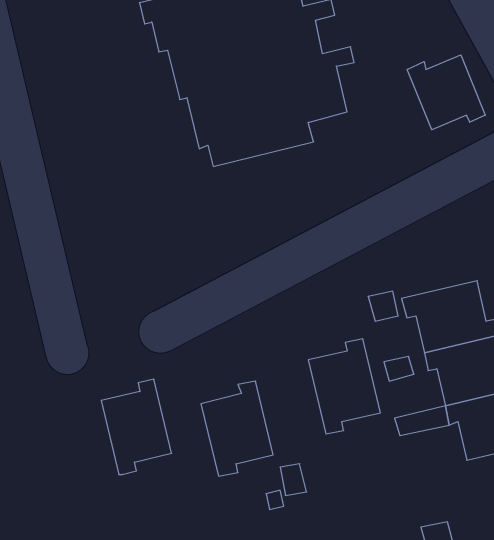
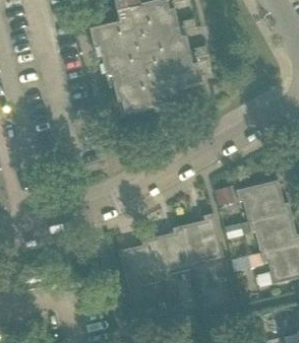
building: [407,55,485,130] -> none
building: [101,379,172,474] -> [150,225,190,280]

